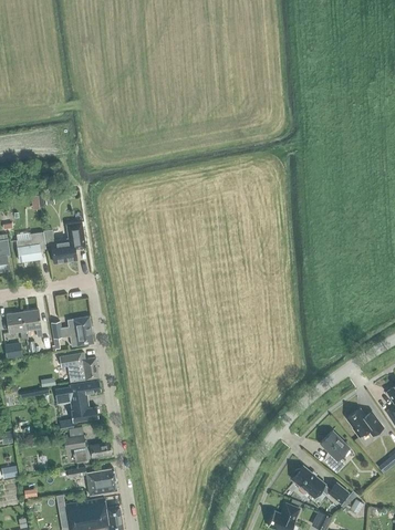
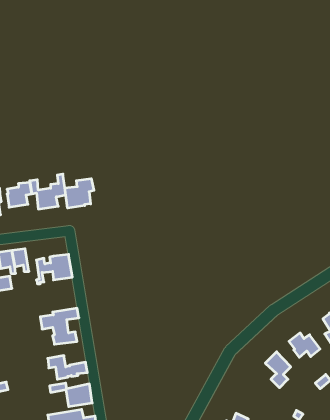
building: none -> [65,179,94,208]
building: [59,353,98,383] -> none
building: [291,466,347,502] -> none

